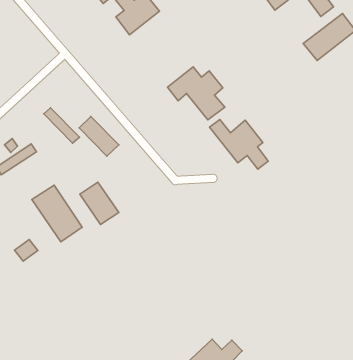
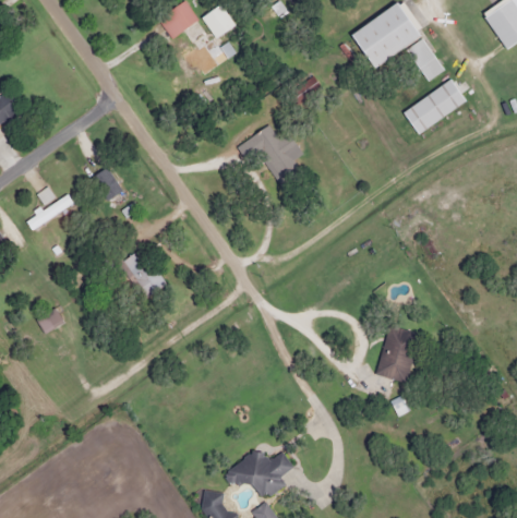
building: [79,116,119,156] -> none
building: [210,119,268,169] -> none
building: [32,185,82,242] -> none
building: none -> [376,324,418,382]

